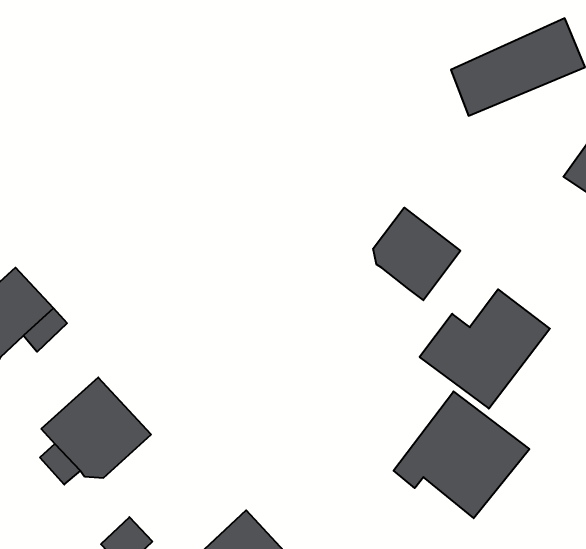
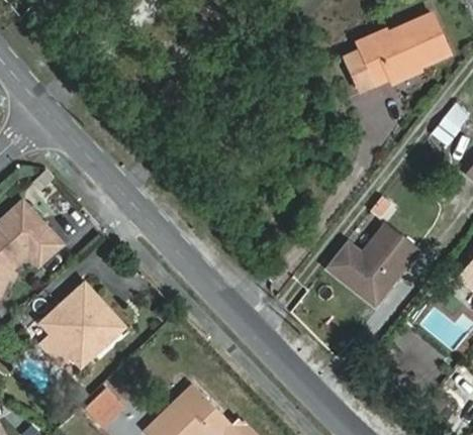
building: [373,208,460,300] -> none
building: [394,391,529,518] -> none

